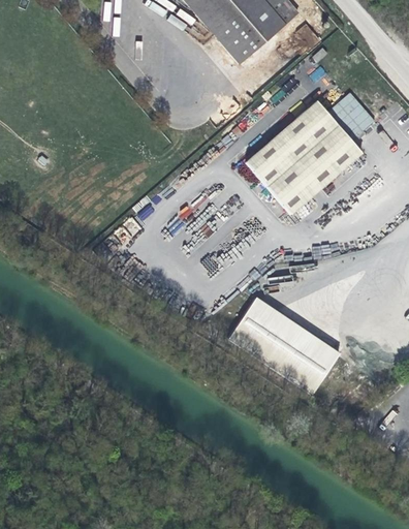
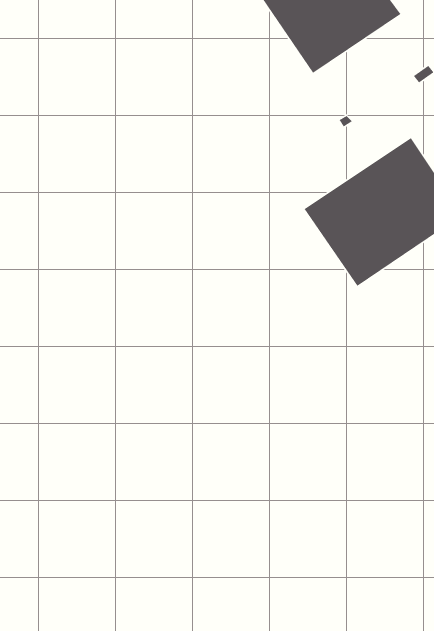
building: [228,297,343,394] -> none

